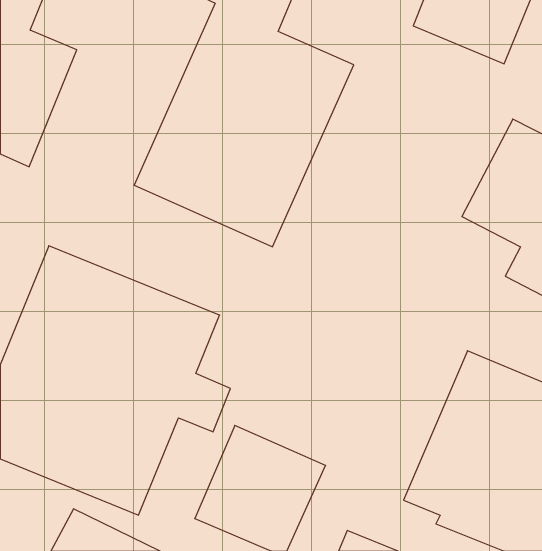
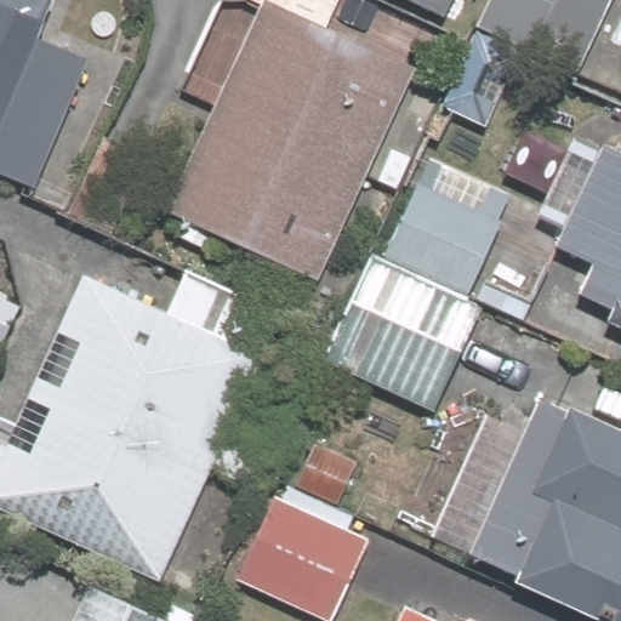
building: none -> [320,152,524,411]

